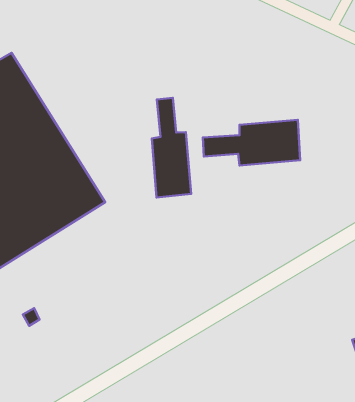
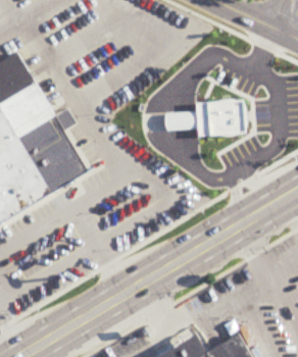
building: [152,98,191,198] -> none

